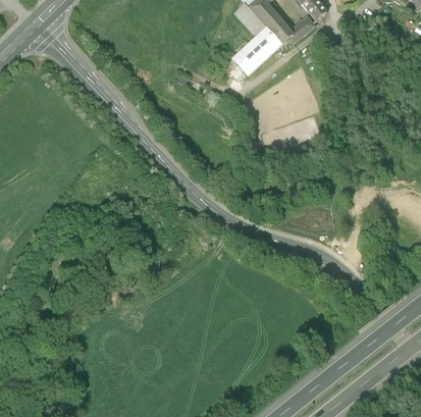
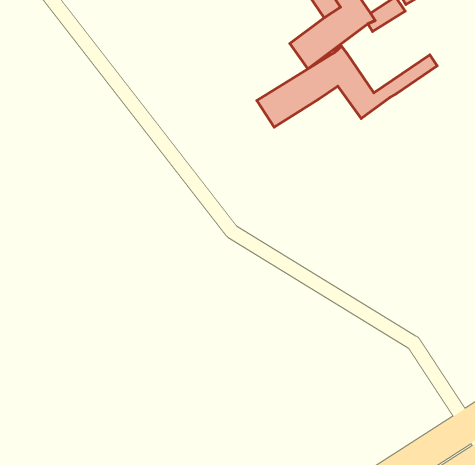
building: none -> [257,46,437,127]

